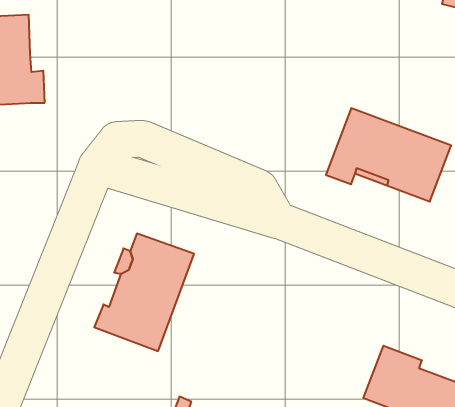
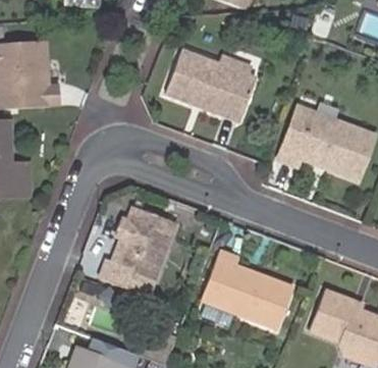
building: none -> [166,49,257,121]
building: none -> [199,251,290,329]

